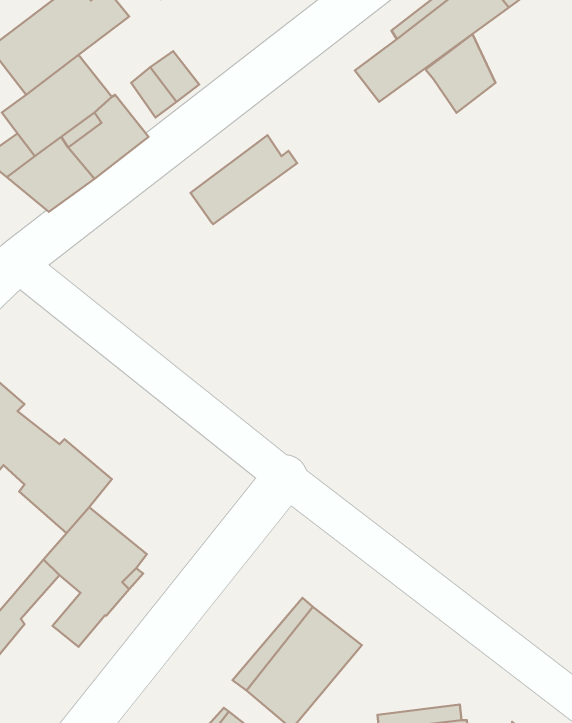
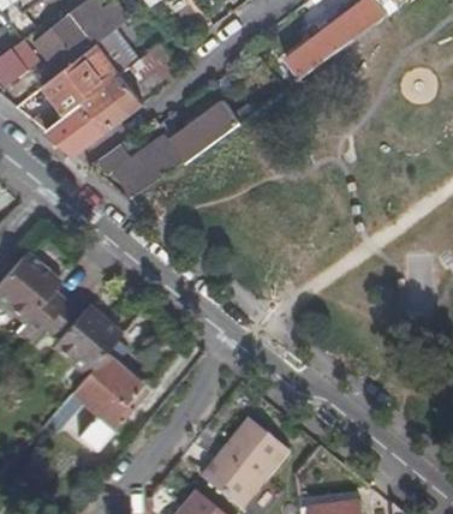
building: [426,34,495,113] -> none
building: none -> [97,132,186,196]

